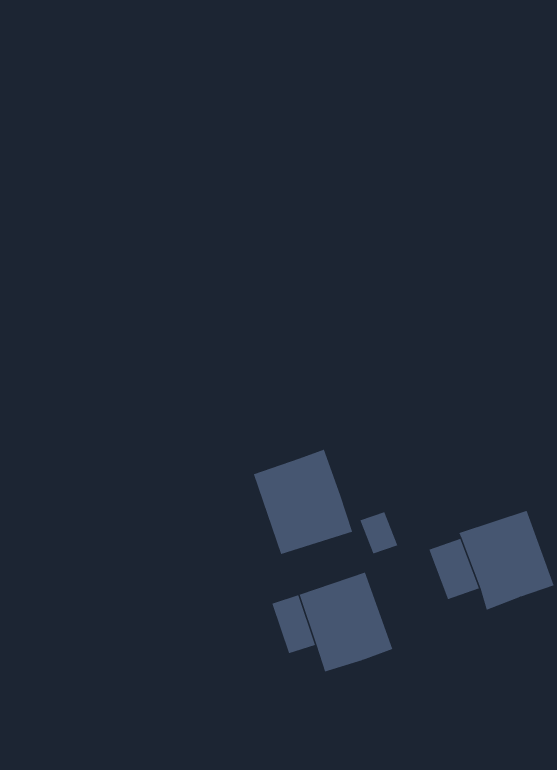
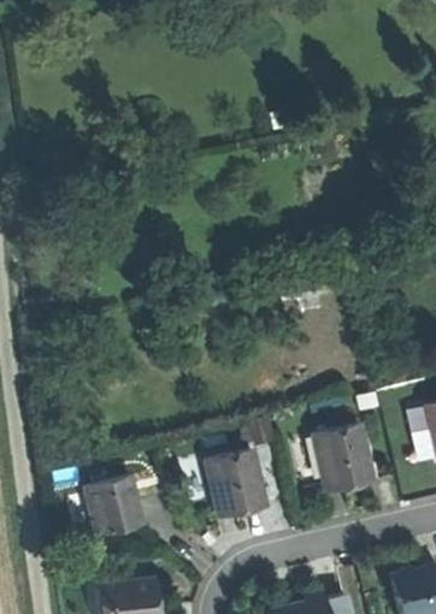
building: [253,449,353,555] -> none
building: none -> [89,476,146,535]

